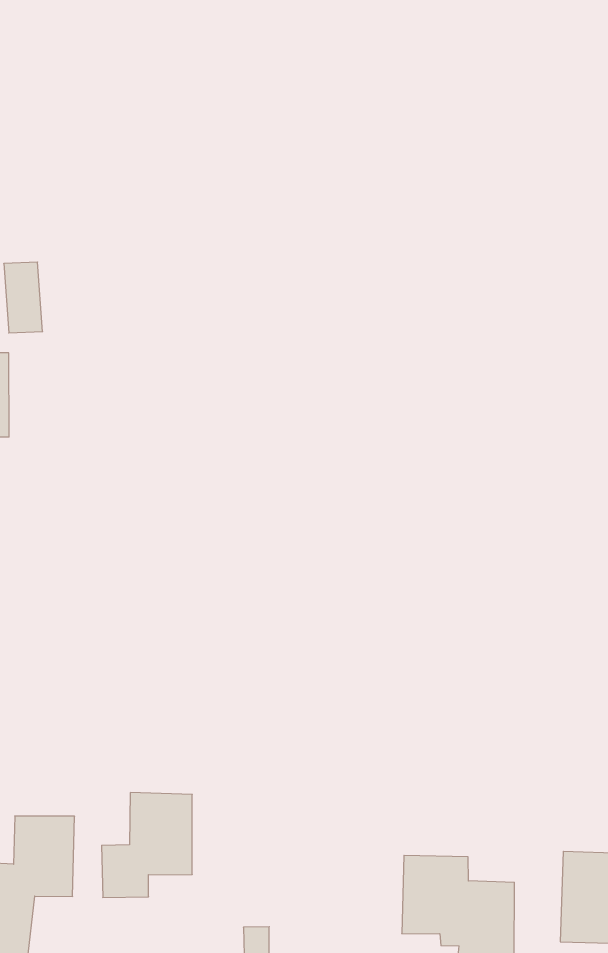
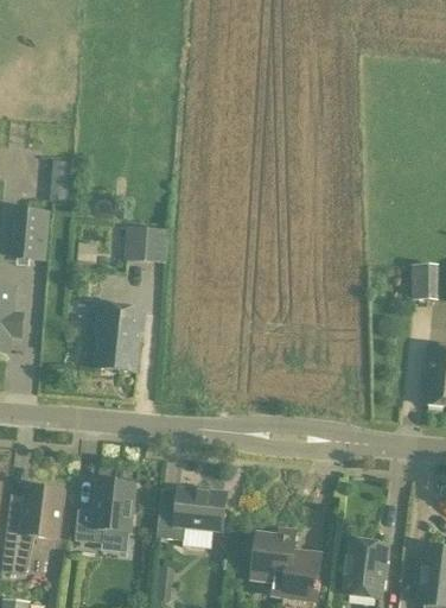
building: none -> [125,226,170,262]
building: none -> [95,303,146,370]
building: none -> [158,487,228,539]

